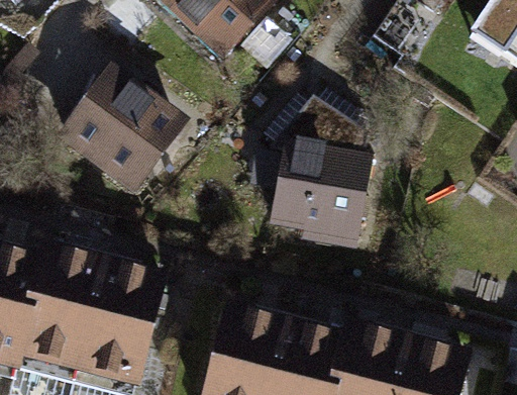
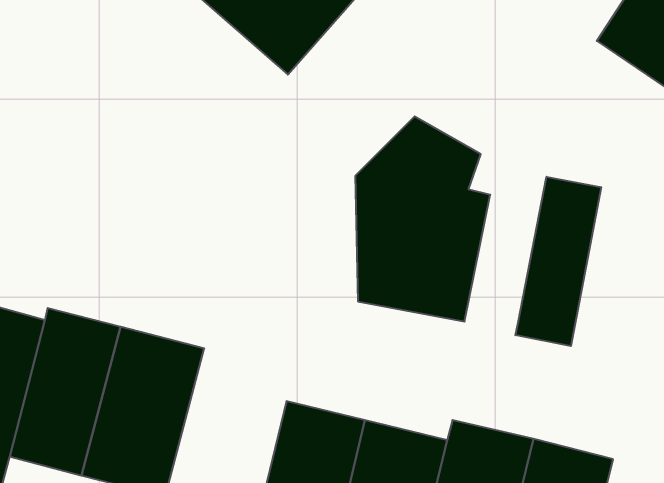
building: [60,62,194,194] -> none
building: none -> [515,177,601,346]

